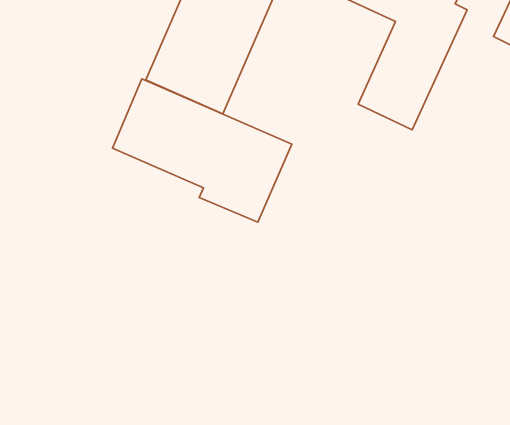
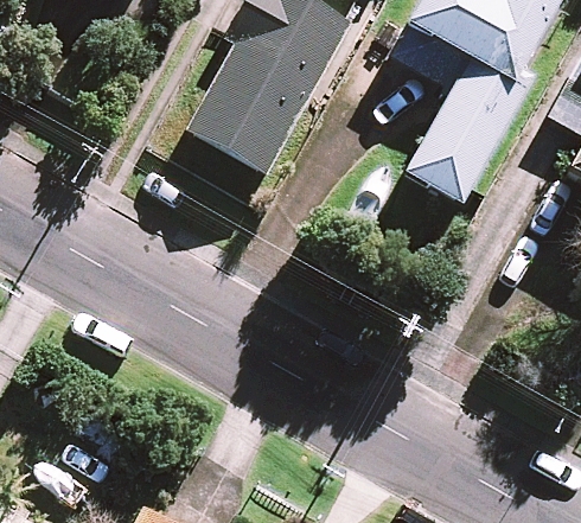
building: [113,79,292,222] -> none

